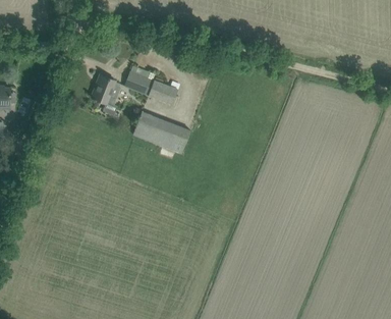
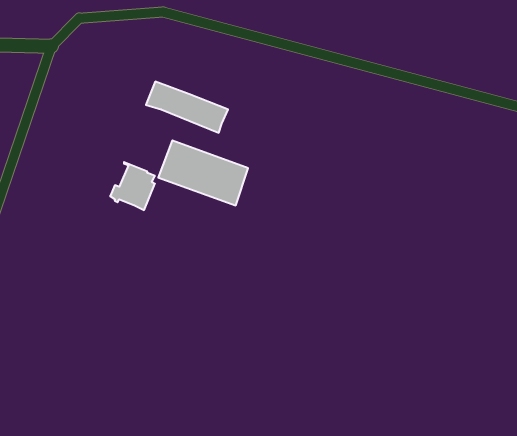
building: [91,75,120,107] -> [110,162,155,210]

